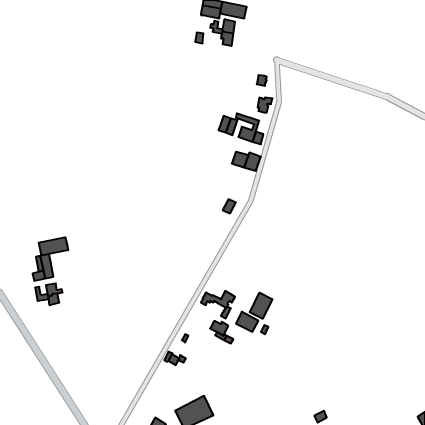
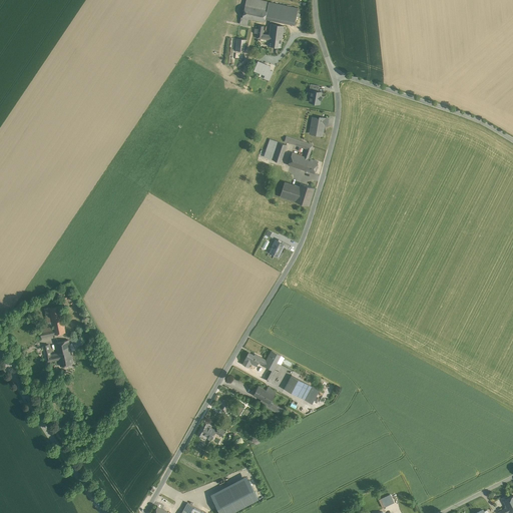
building: [39,237,68,256] -> none
building: [250,293,272,319] -> none

